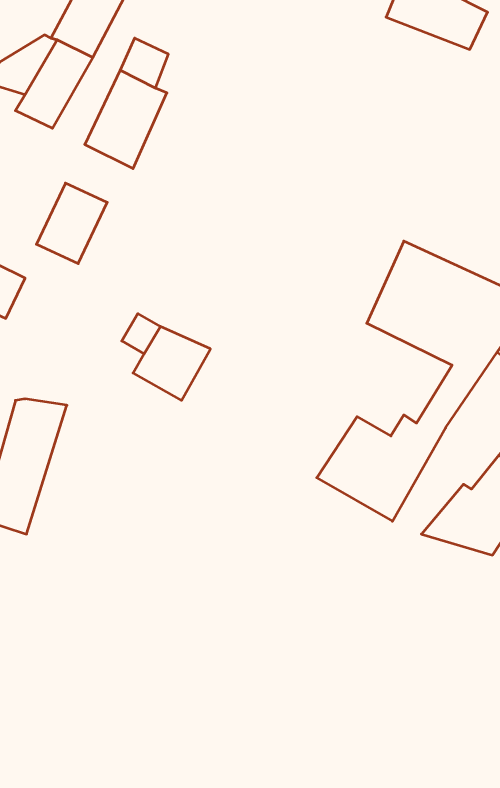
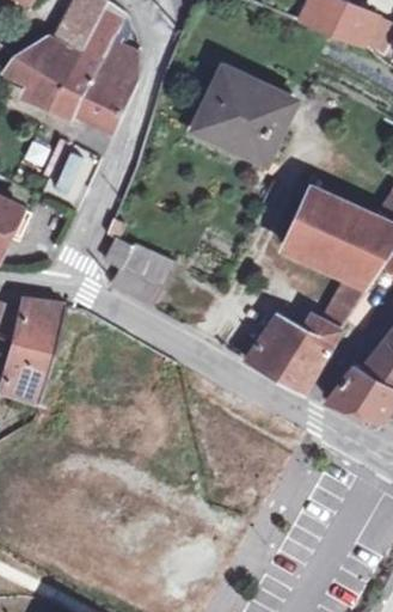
building: none -> [53,49,103,114]
building: none -> [195,66,296,163]

